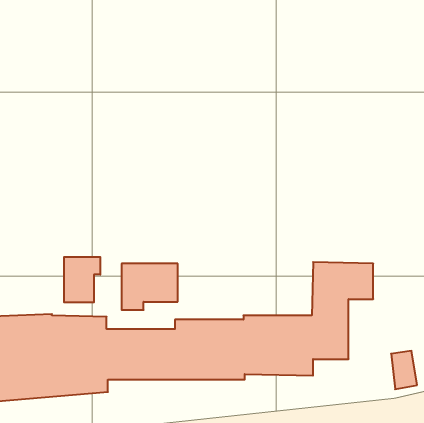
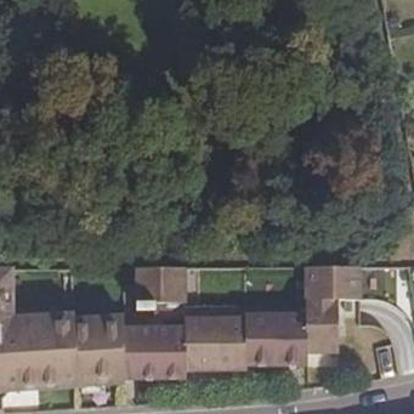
building: [64,257,100,302] -> none

